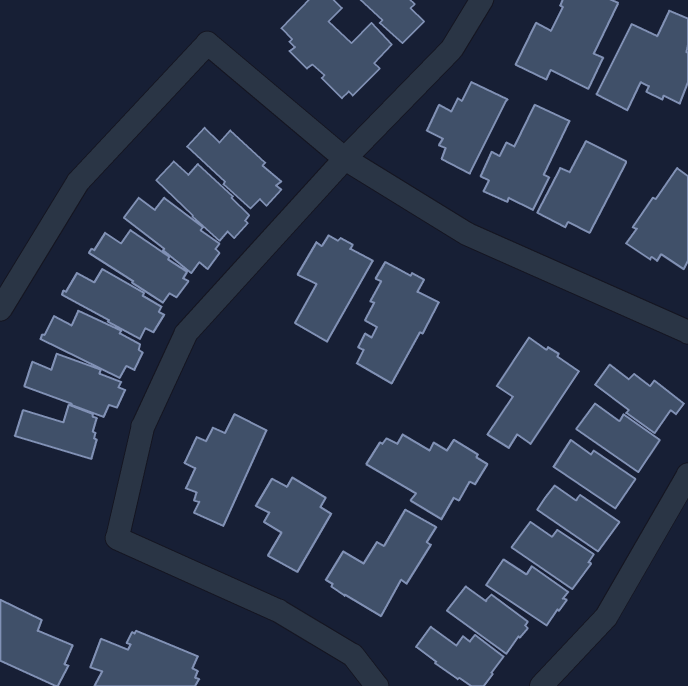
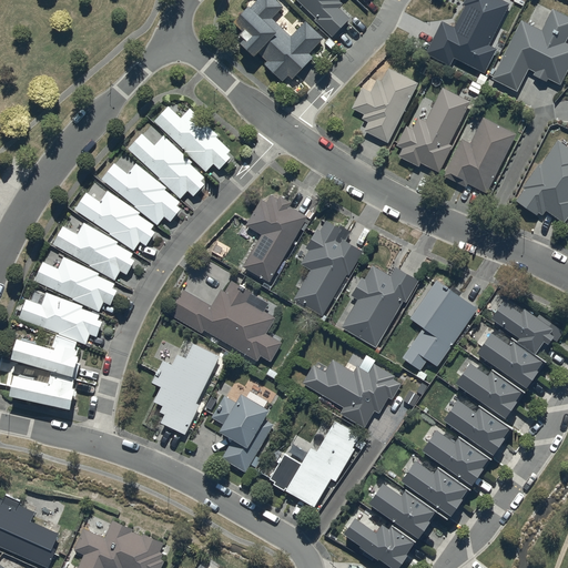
building: none -> [341,264,417,347]
building: none -> [168,281,281,361]
building: none -> [10,375,78,409]

